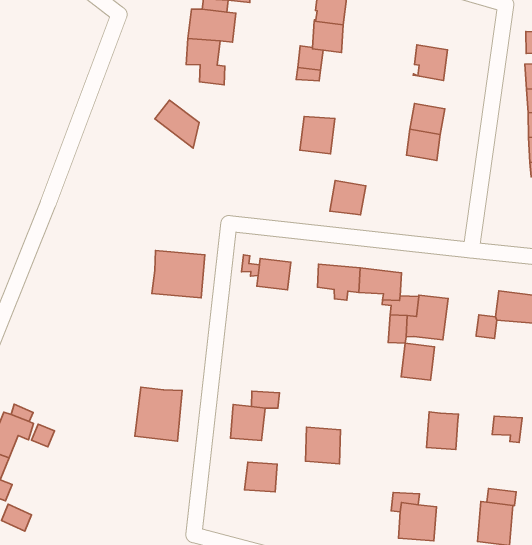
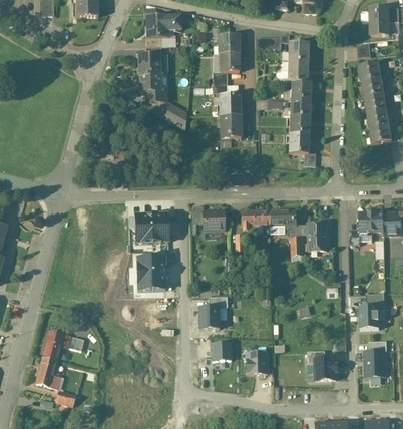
building: none -> [287,42,308,62]
building: none -> [290,81,311,100]
building: none -> [216,95,240,116]
building: [155,100,199,148] -> [157,102,186,131]
building: [330,181,366,215] -> [288,133,309,153]
building: [401,343,435,380] -> none
building: [135,387,182,441] -> [136,257,164,290]
building: [427,412,459,449] -> [359,306,379,330]
building: [306,427,340,464] -> [244,352,268,375]

